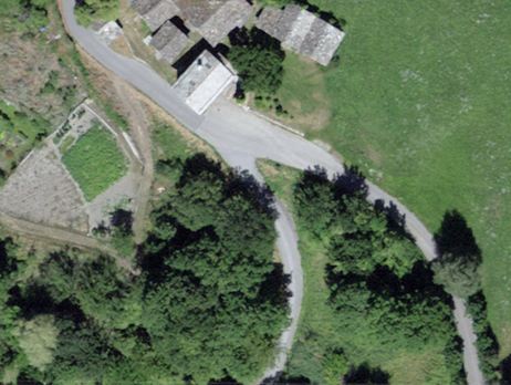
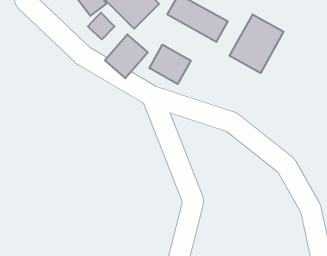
building: none -> [230,14,284,73]
building: none -> [149,45,191,84]

